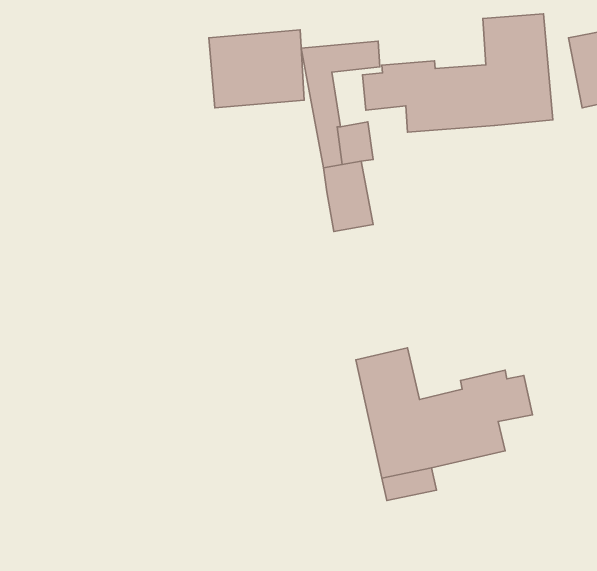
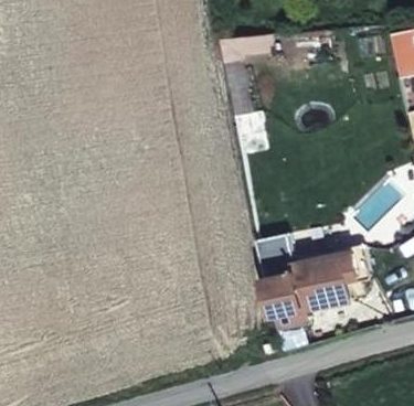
building: [363,14,553,132] -> none
building: [209,30,304,108] -> none

